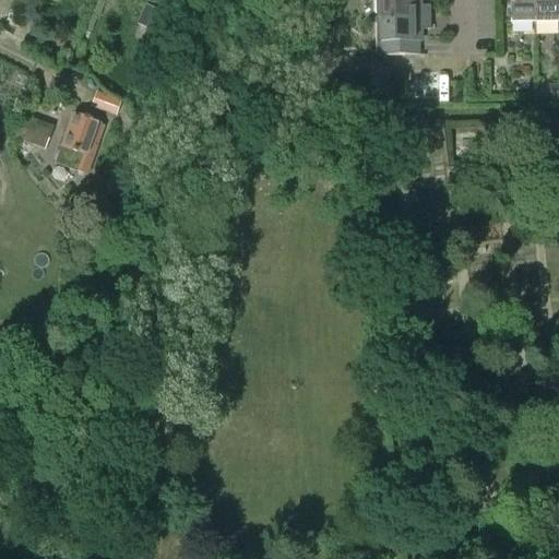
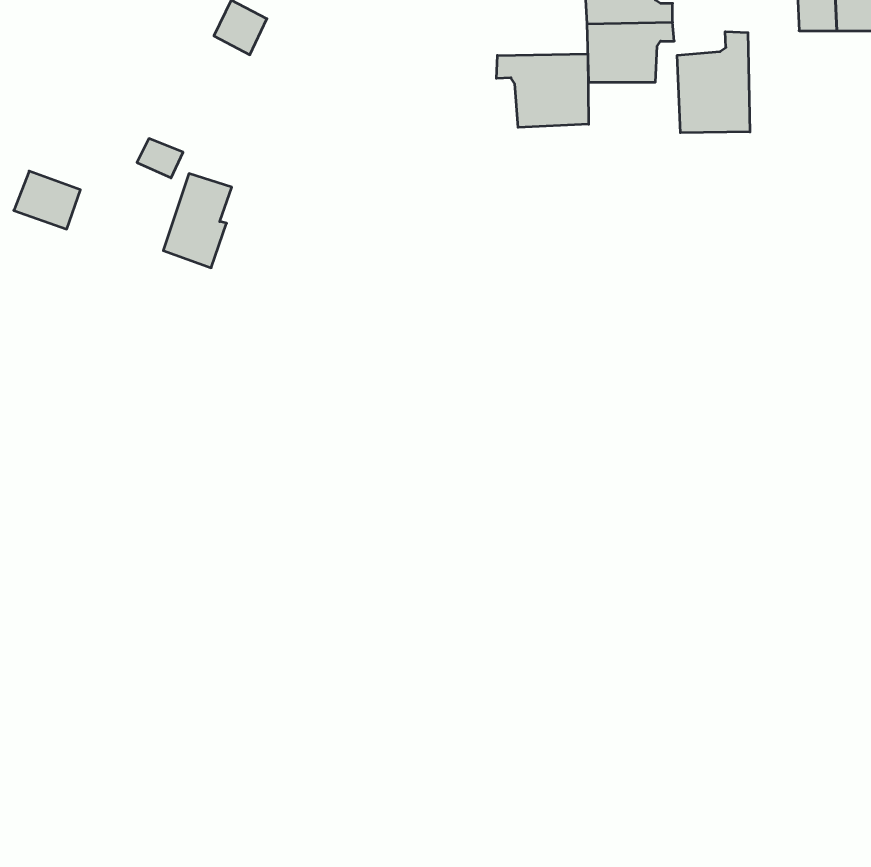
building: none -> [677,32,750,133]
building: none -> [496,54,589,127]
building: [58,112,102,173] -> [163,174,232,268]

